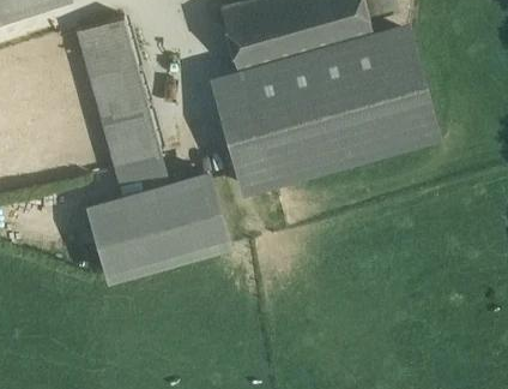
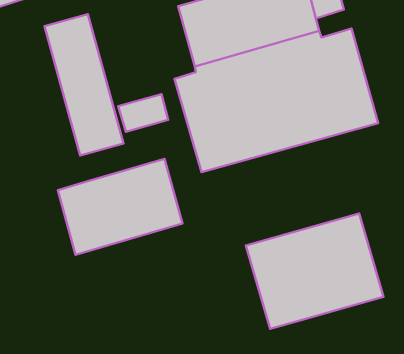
building: [116,156,170,197] -> [118,94,168,132]
building: none -> [246,214,384,329]

